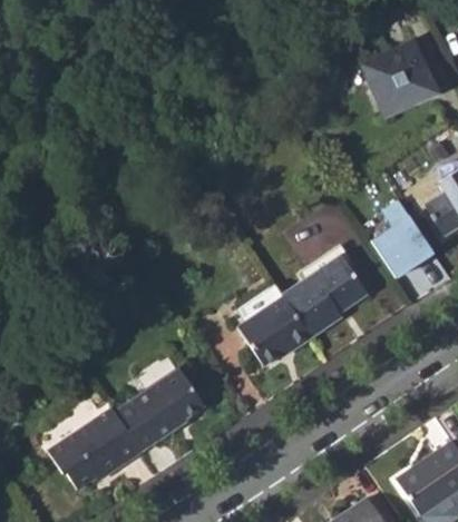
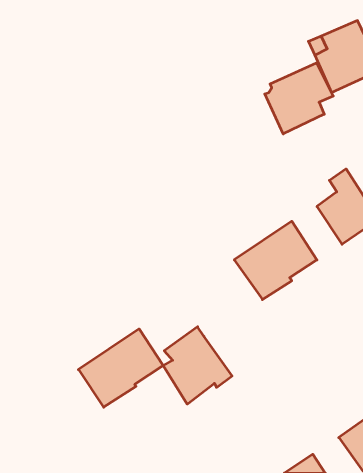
building: none -> [265,63,333,134]
building: [237,284,311,366] -> [163,327,232,404]
building: [48,406,142,489] -> none

